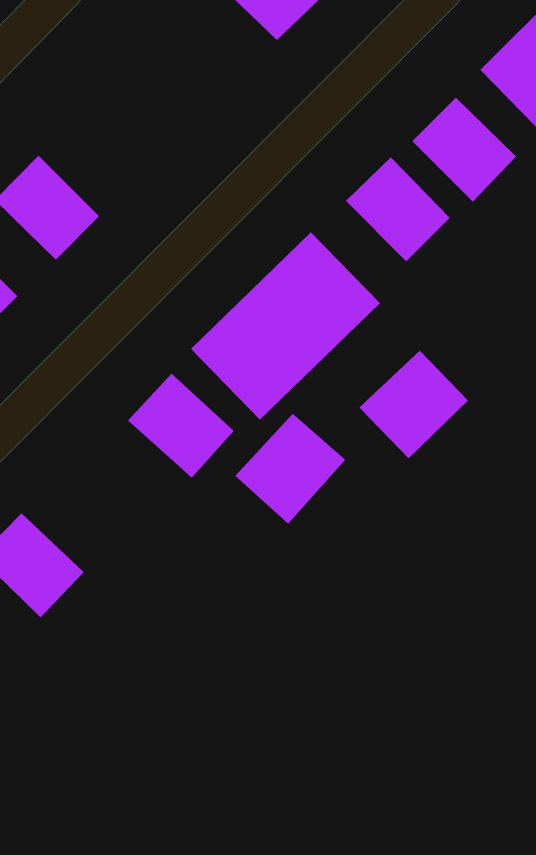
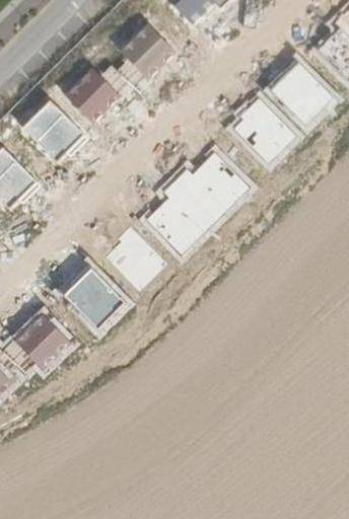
building: none -> [62,19,173,130]
building: [359,350,469,459] -> none
building: [234,413,346,524] -> none
building: none -> [61,268,125,330]

